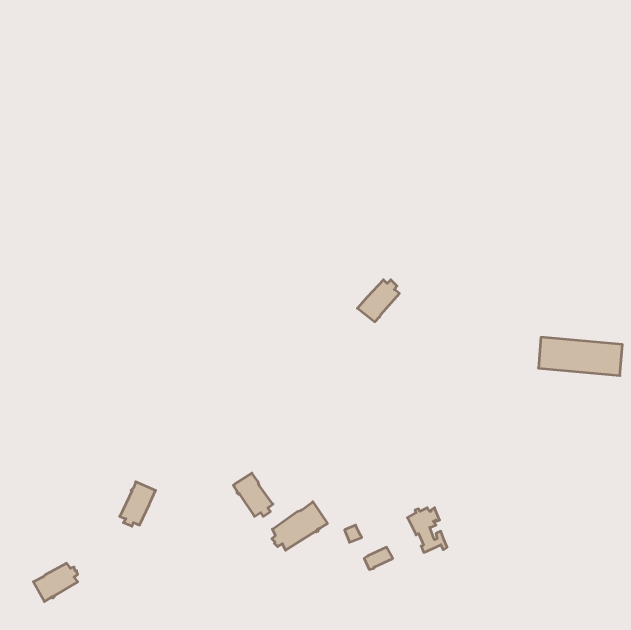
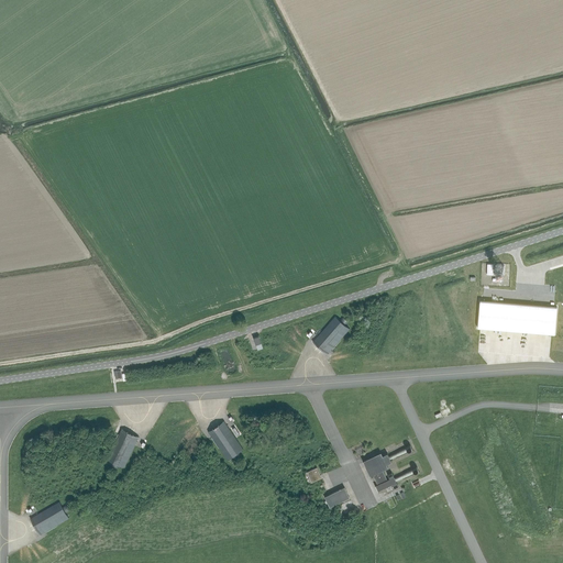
building: [357,280,399,322] -> [312,318,350,355]
building: [272,502,327,550] -> none

